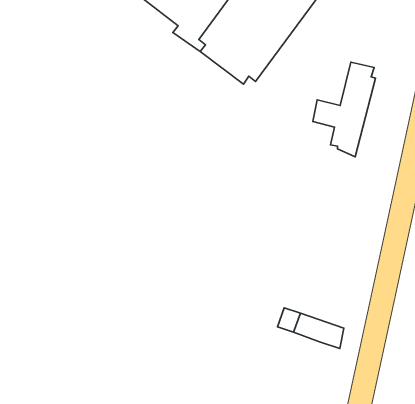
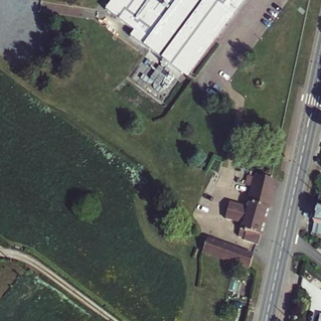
building: [313,62,375,157] -> [226,174,273,245]

